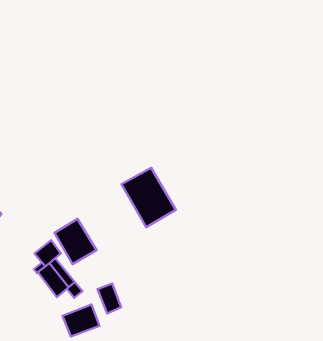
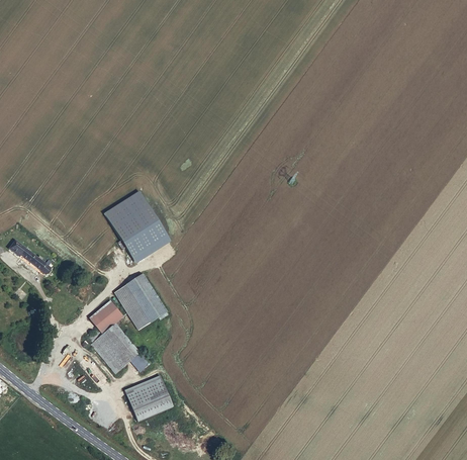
building: [122,168,176,227] -> [105,190,172,263]
building: [98,284,121,314] -> none

